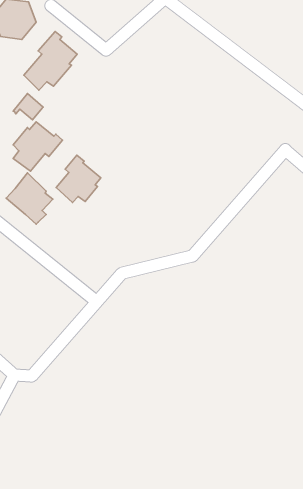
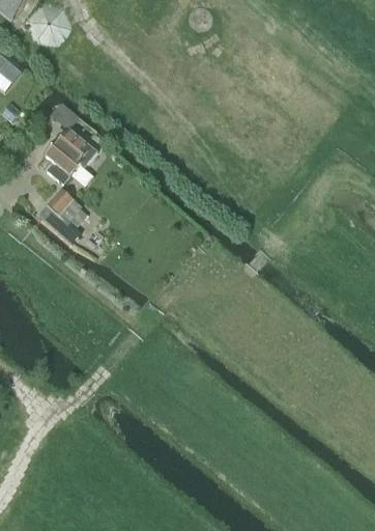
building: [24,31,77,90] -> none
building: [56,155,101,203] -> none

